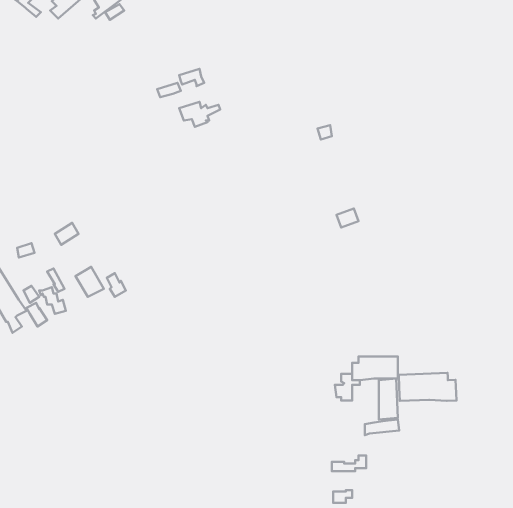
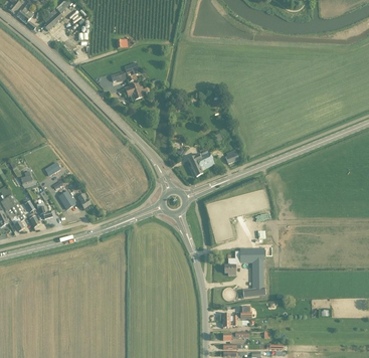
building: none -> [187,150,214,176]
building: [399,373,456,401] -> none

